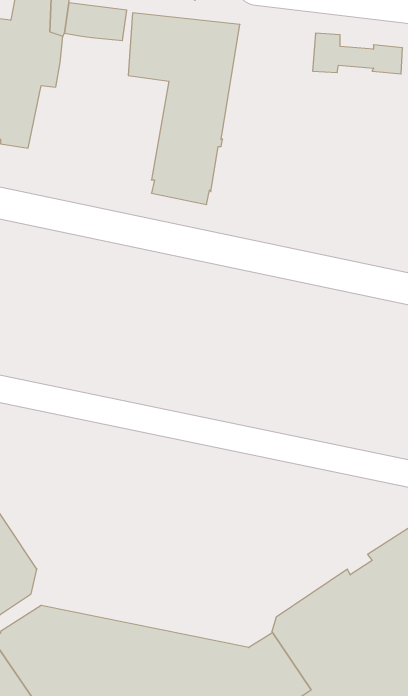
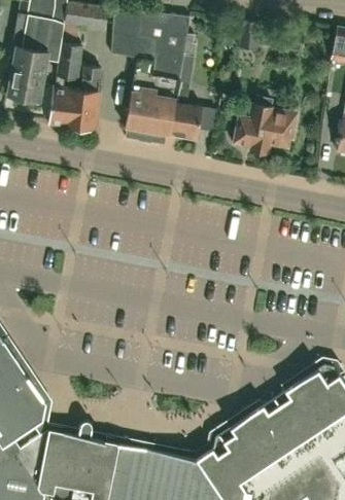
building: none -> [170,17,204,141]
building: none -> [50,44,103,131]
building: none -> [235,97,299,154]

